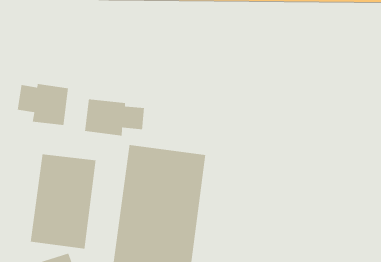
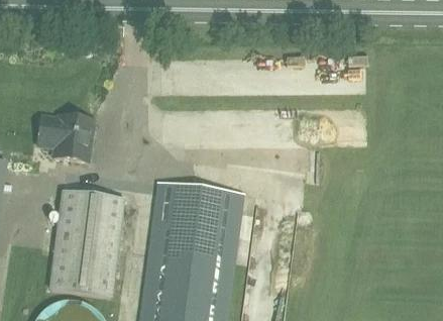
building: [84,99,145,136] -> none

